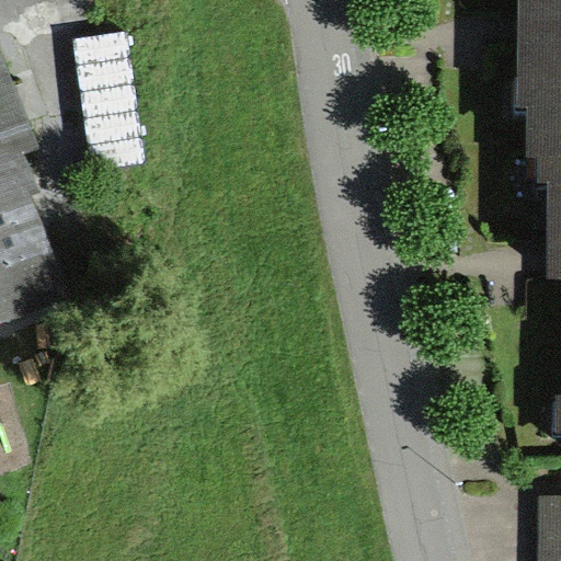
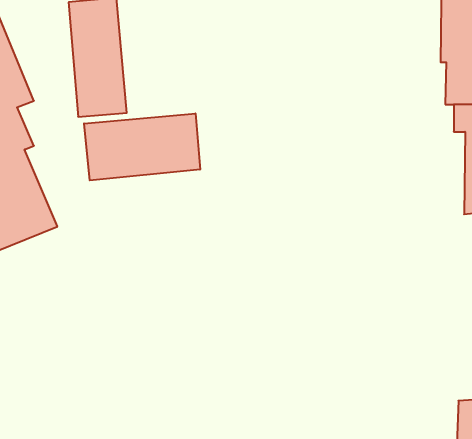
building: none -> [84,113,200,180]

